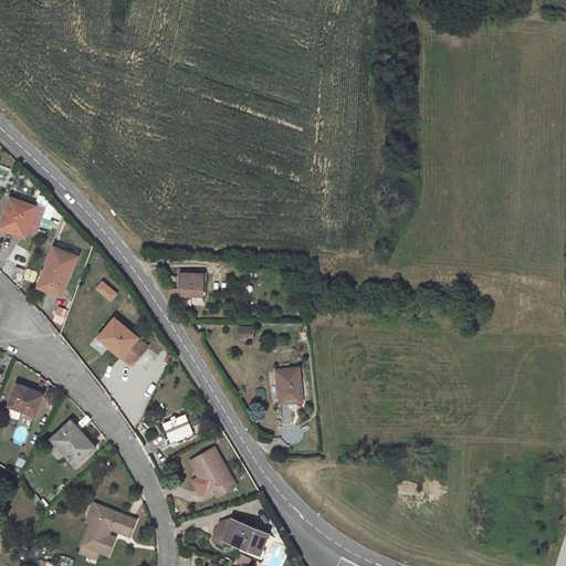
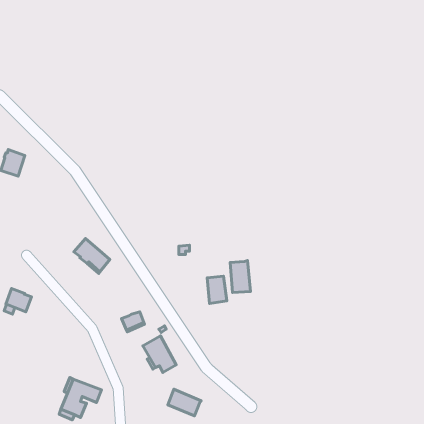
building: [34,244,78,297] -> none
building: [167,274,203,296] -> none
building: none -> [230,261,251,292]
building: [51,423,93,465] -> none

